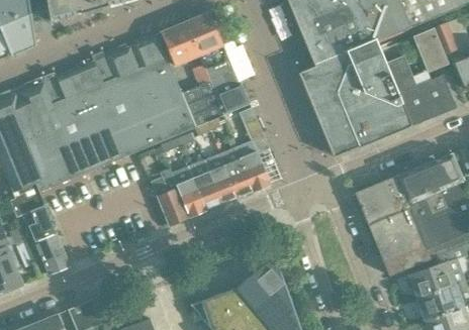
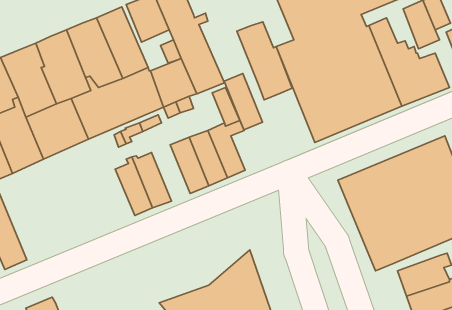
building: none -> [237,22,292,100]
building: [184,159,219,211] -> [224,73,263,130]

